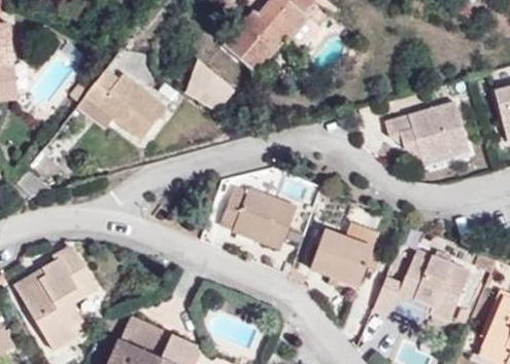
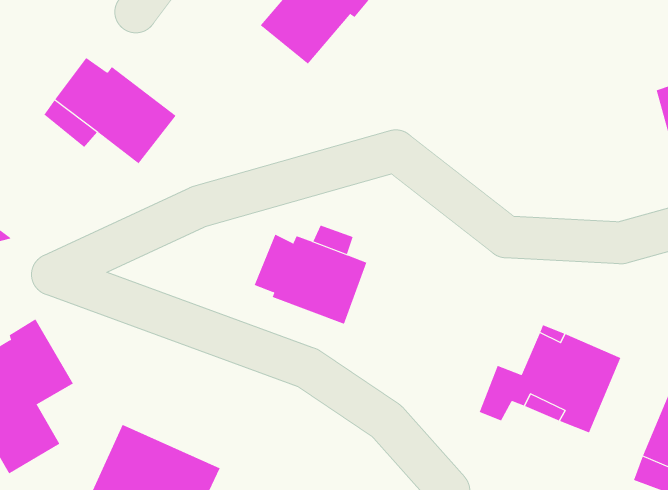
building: [183,62,237,112] -> none
building: [384,101,470,158] -> none
building: [309,229,373,286] -> none

